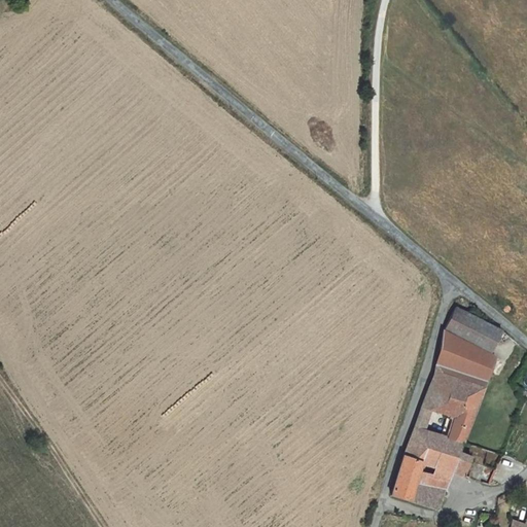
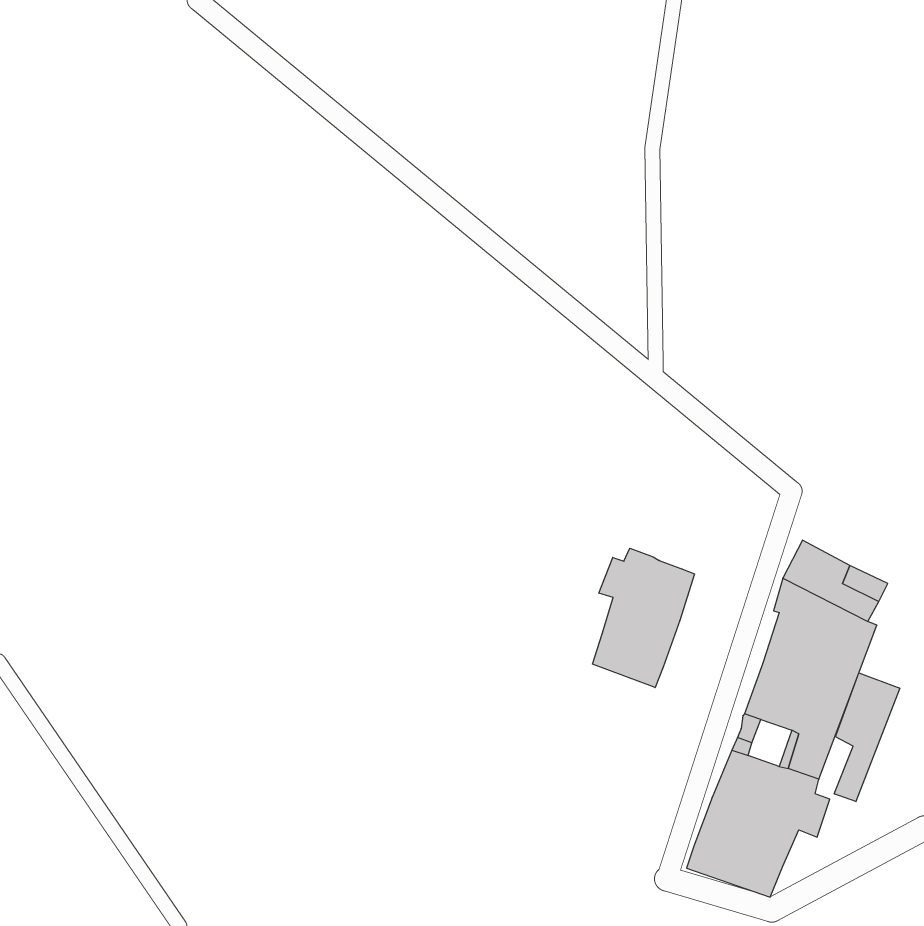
building: none -> [592,548,695,688]
building: none -> [834,673,900,802]

